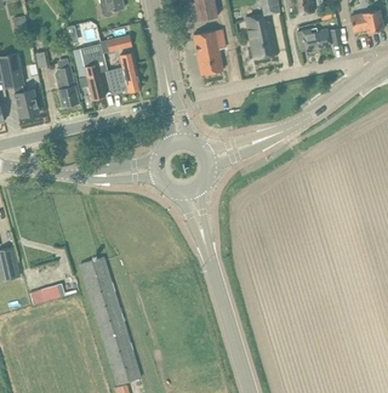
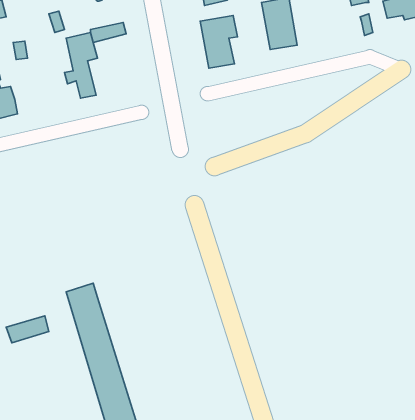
building: [297,28,331,52] -> none
building: [105,52,142,92] -> none
building: [55,59,79,107] -> none

